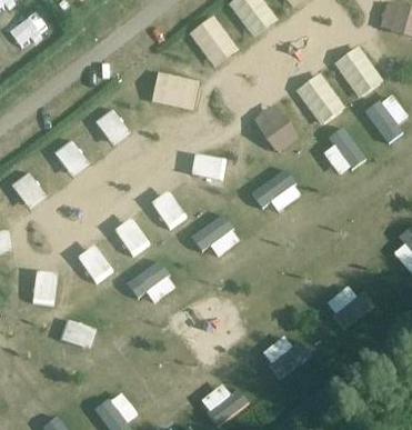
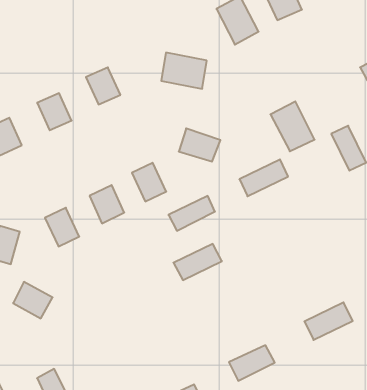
building: [304,83,349,130] -> none
building: [124,259,169,297] -> [173,244,222,280]

